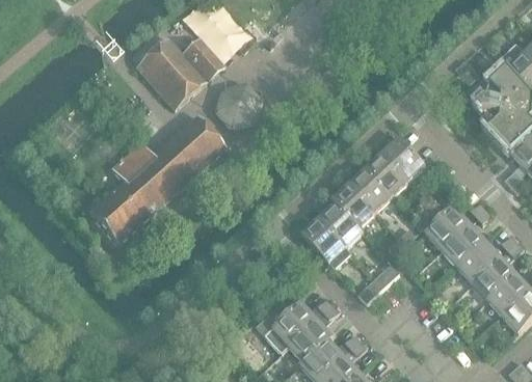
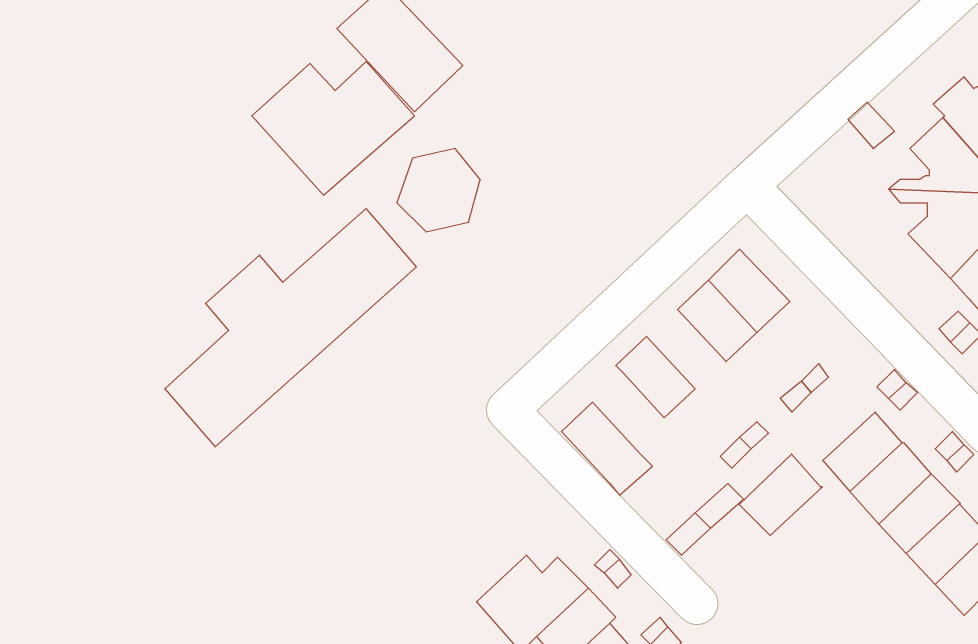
building: [348,169,391,212] -> none
building: [319,203,362,247] -> none
building: [426,207,471,250] -> [739,454,822,535]

